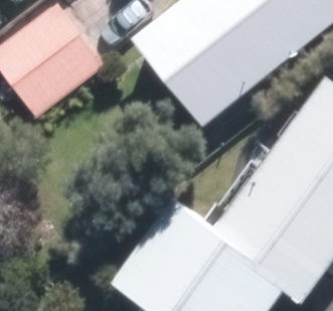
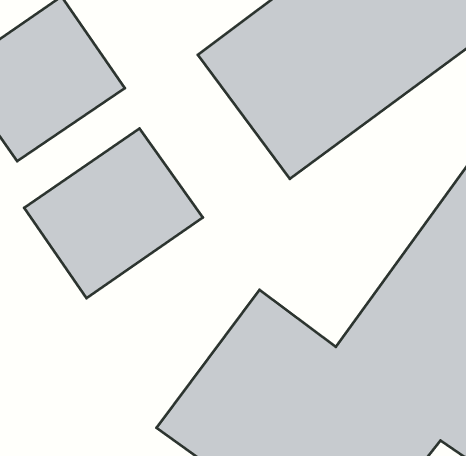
building: none -> [24,129,203,298]

